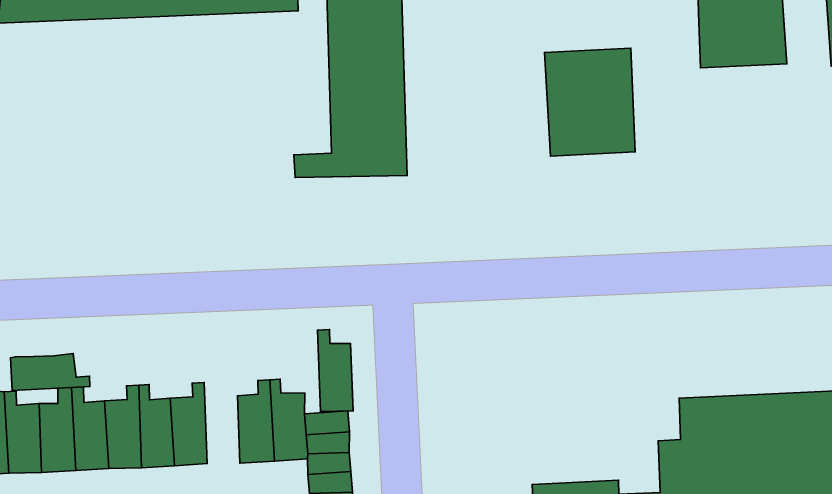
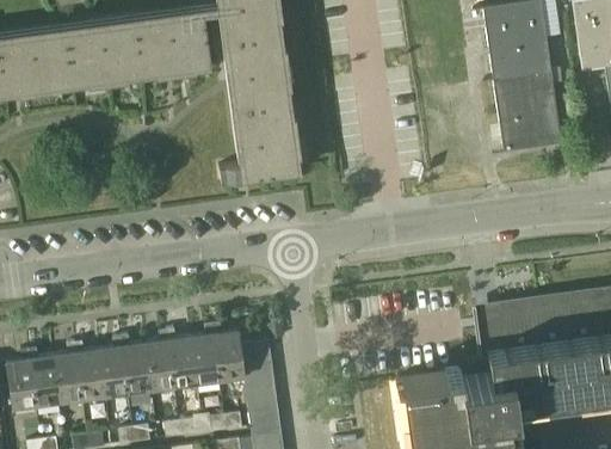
building: [544,48,635,156] -> [492,70,561,150]
building: [317,330,353,411] -> [167,327,197,385]
building: [11,353,90,390] -> none

